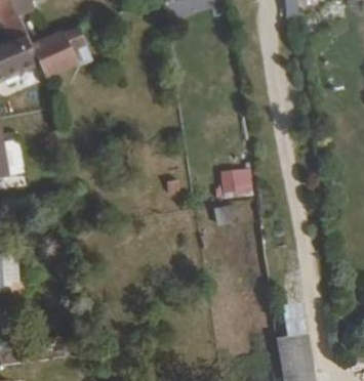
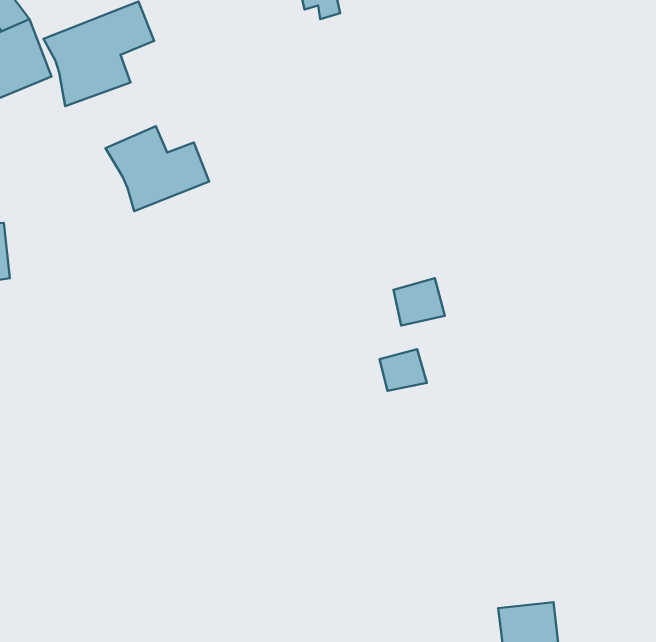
building: none -> [105,126,209,211]

